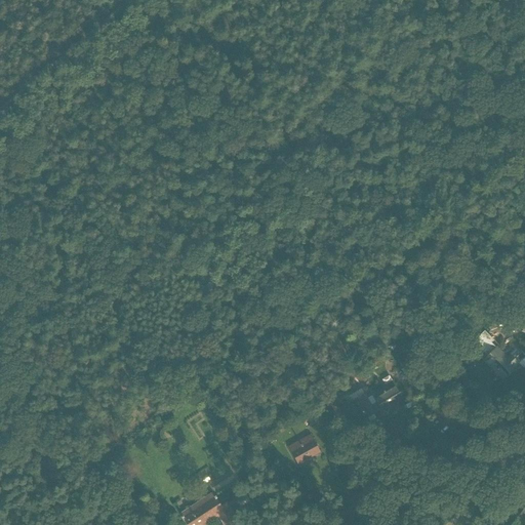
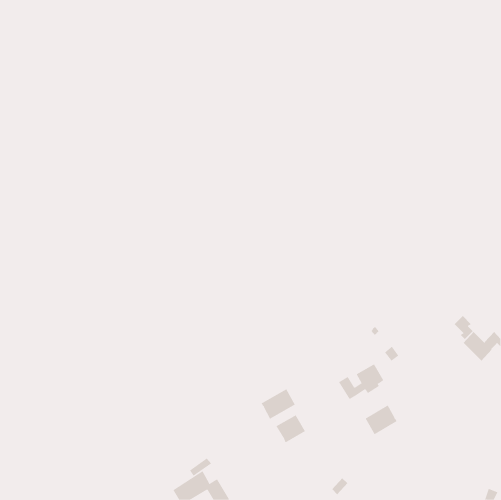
building: none -> [261,389,296,420]
building: none -> [365,404,398,435]

